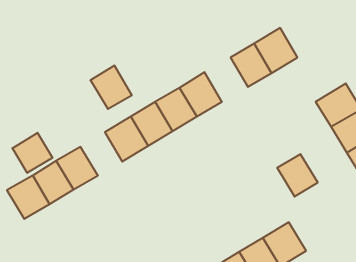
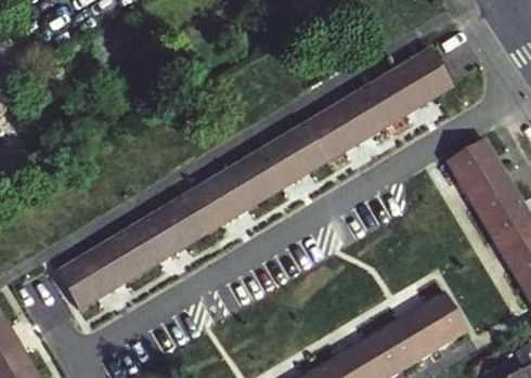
building: none -> [400,50,453,105]
building: none -> [306,105,360,160]
building: [90,66,132,109] -> [151,198,203,252]
building: [12,133,52,173] -> none
building: [277,154,318,197] -> [411,294,462,347]

